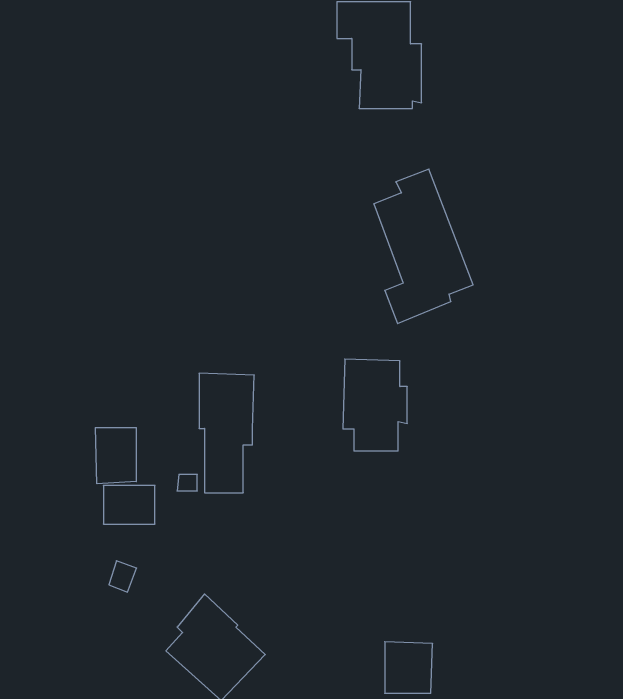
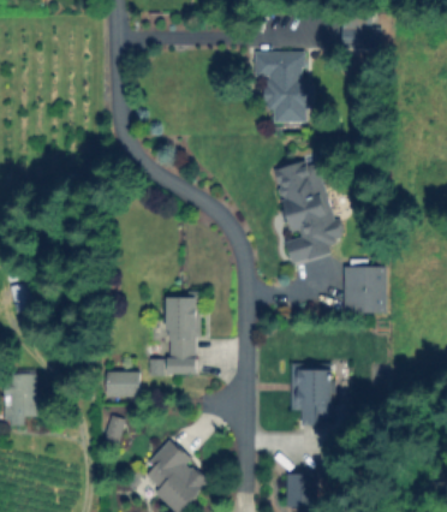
building: none -> [345,269,388,311]
building: [343,359,407,451] -> [292,364,334,424]
building: [95,428,136,484] -> none

